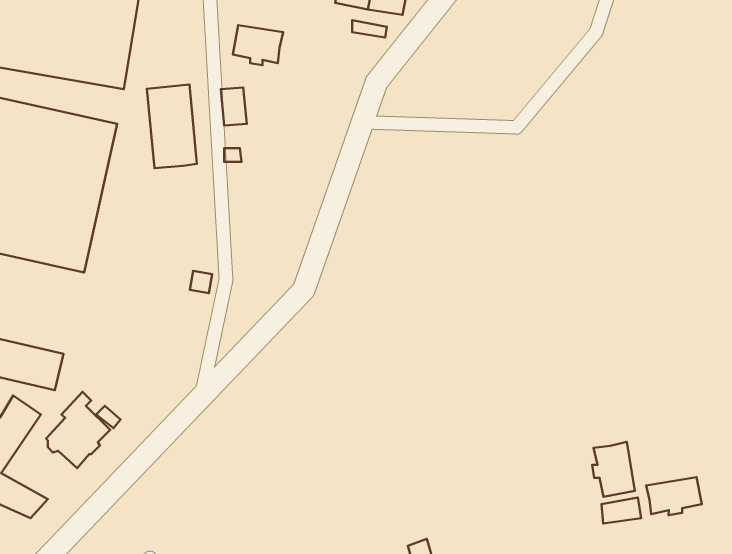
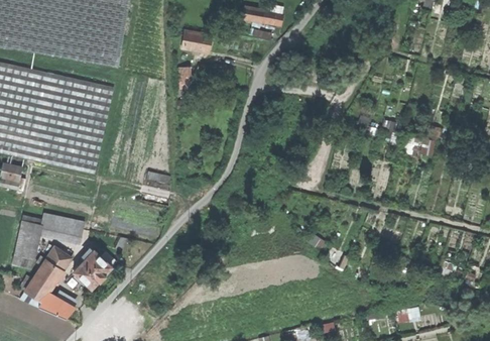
building: [147,85,197,168] -> none
building: [592,442,635,497] -> none
building: [646,477,702,515] -> none

